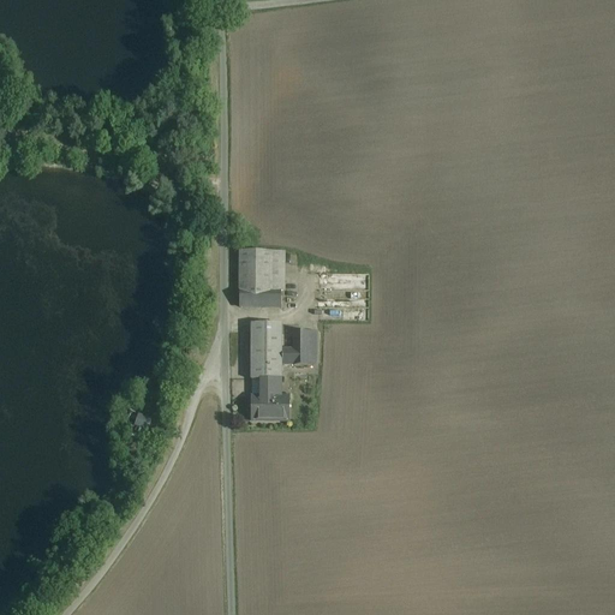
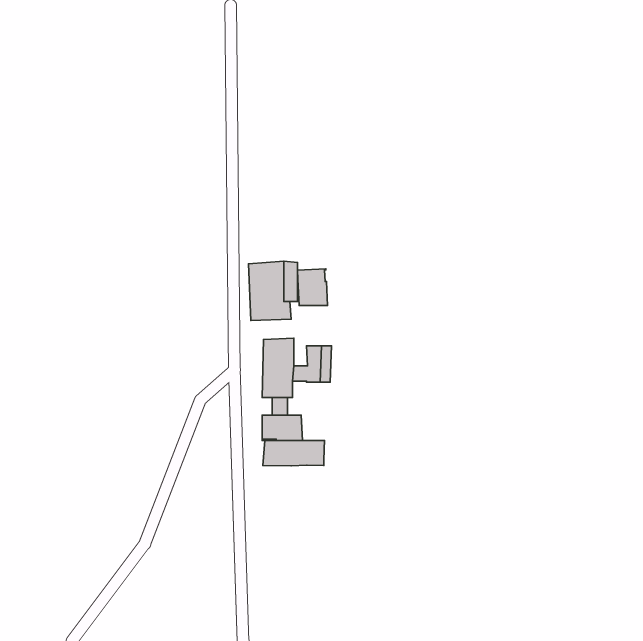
building: none -> [298,269,328,306]
building: none -> [263,440,324,466]

